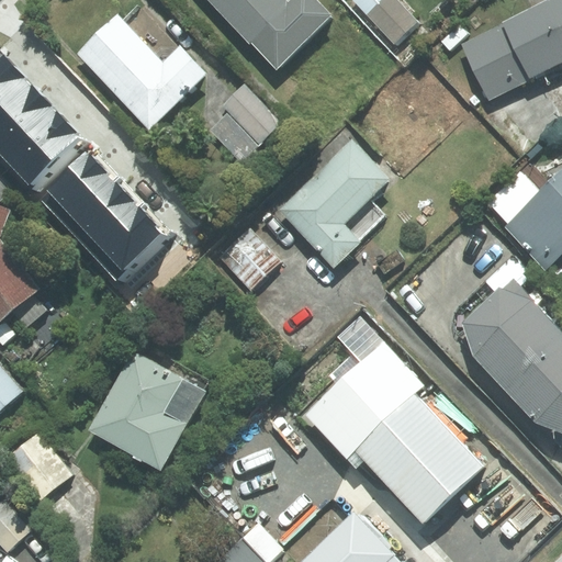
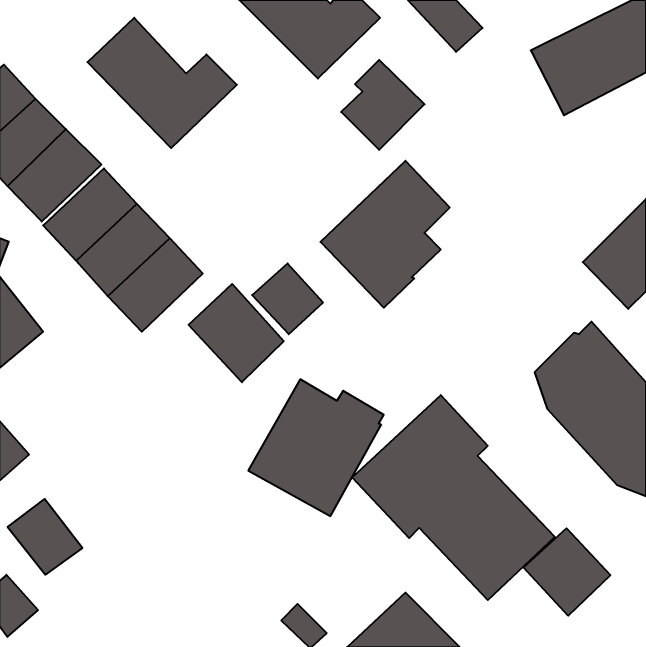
building: [210,85,282,162] -> [341,60,425,150]
building: none -> [189,284,284,382]
building: [88,351,205,470] -> [248,379,384,516]
building: none -> [524,528,610,616]

